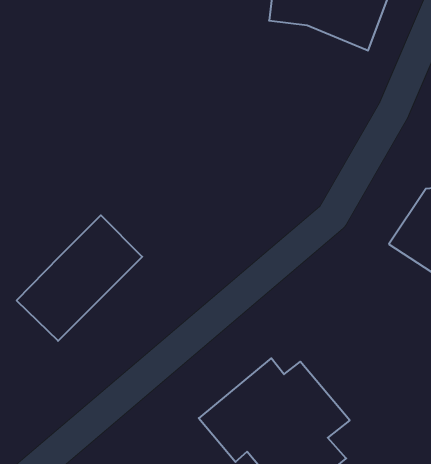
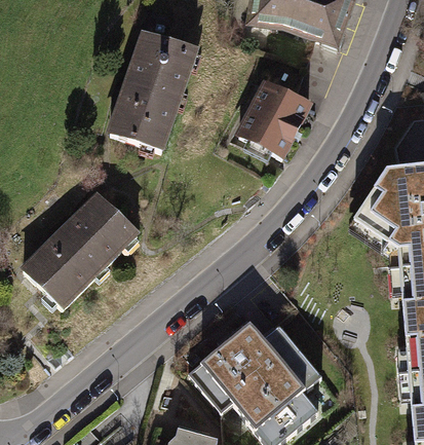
building: none -> [110,31,196,149]
building: none -> [230,81,309,163]

